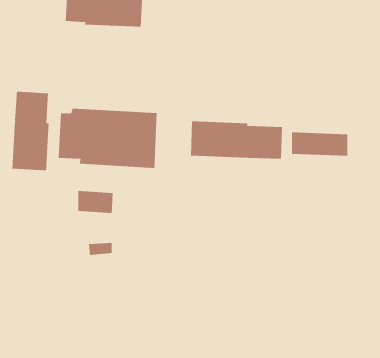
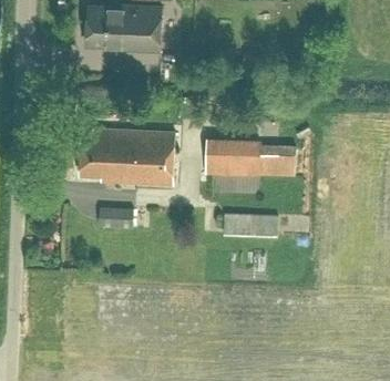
building: [12,91,49,171] -> none
building: [291,132,348,156] -> [224,213,278,236]

